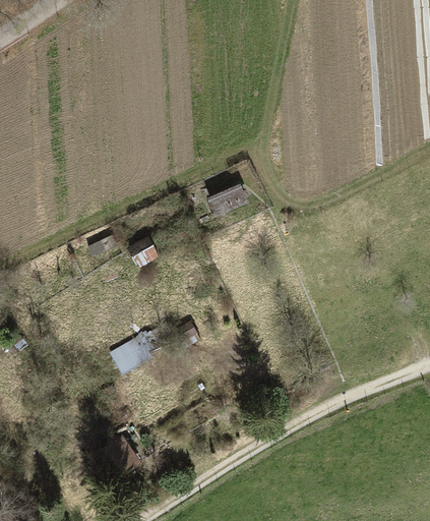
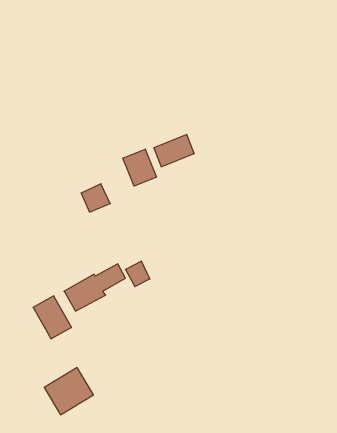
building: none -> [123,149,157,186]
building: none -> [33,296,71,339]

